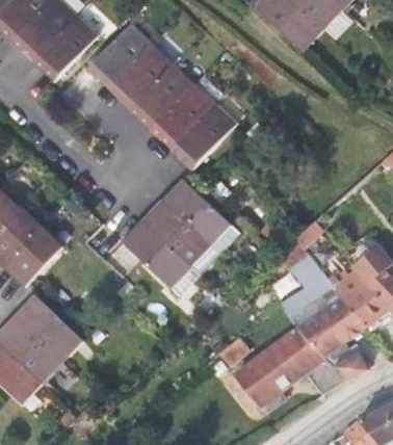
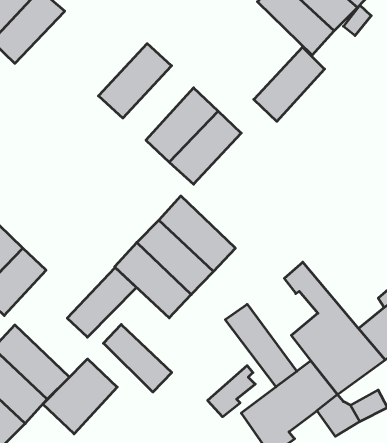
building: [33,14,99,80] -> none
building: [86,22,152,89] -> none
building: [130,62,193,129] -> [254,47,325,121]
building: none -> [67,267,137,337]
building: none -> [225,304,297,387]
building: none -> [103,324,172,392]
building: none -> [43,359,117,434]

